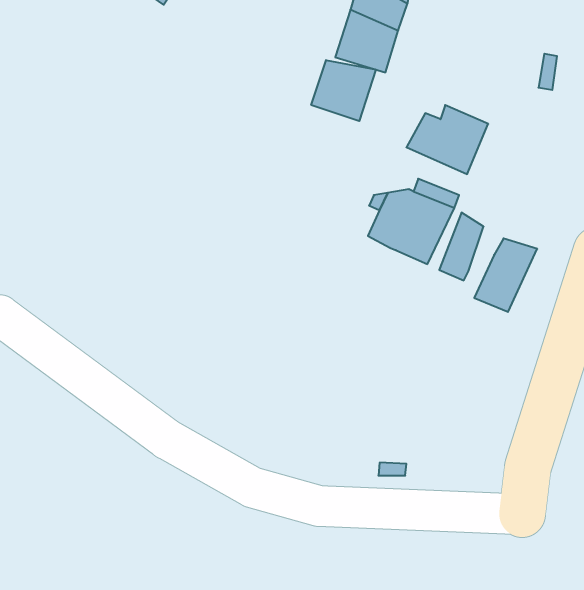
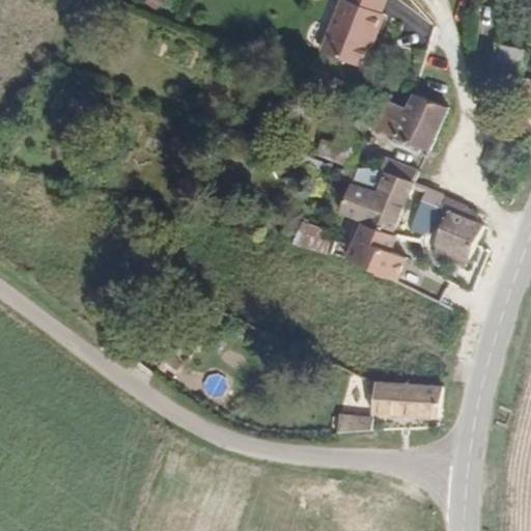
building: [311,60,376,121] -> none
building: none -> [346,222,416,292]
building: none -> [383,376,450,414]

